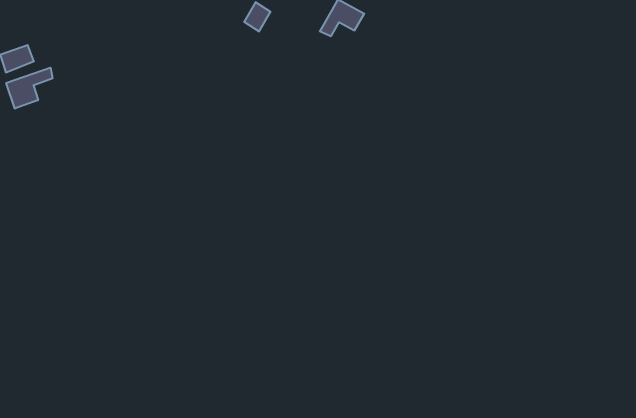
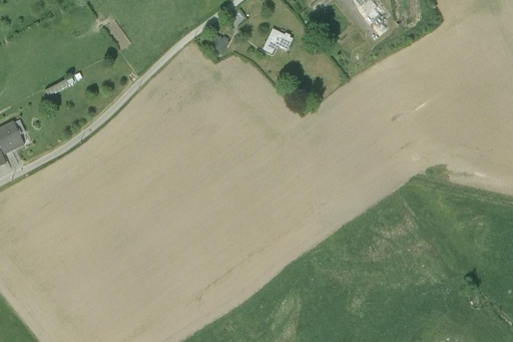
building: [6,68,53,109] -> none

